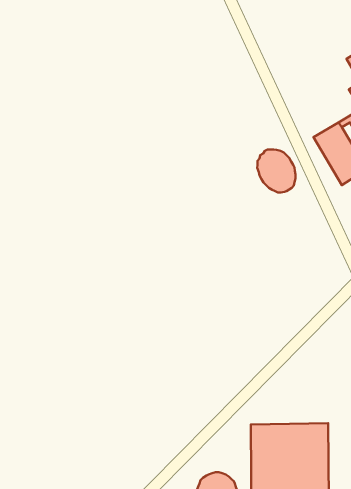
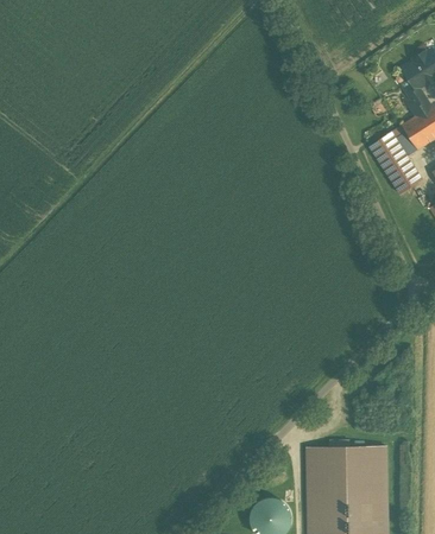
building: [257,149,296,193] -> none

